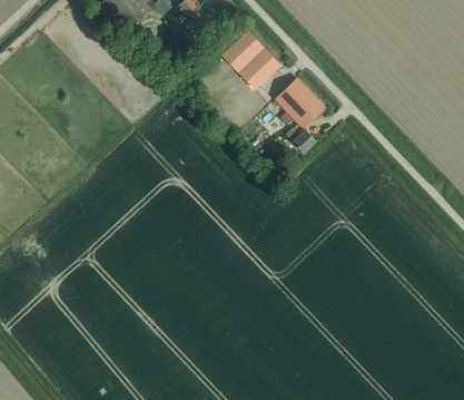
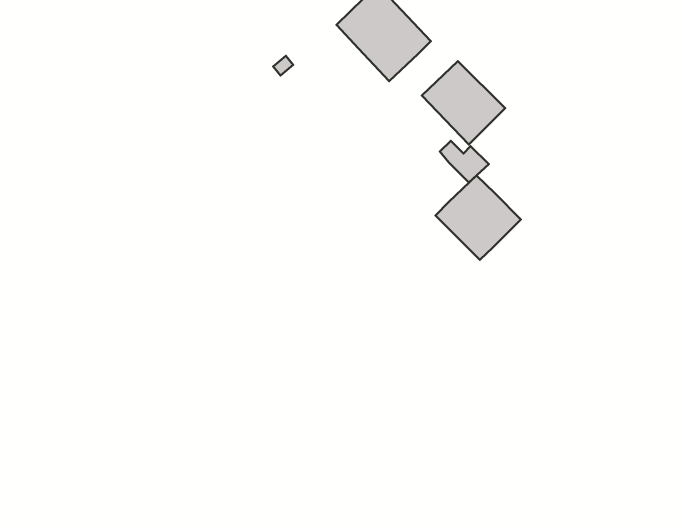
building: none -> [436,175,521,260]

